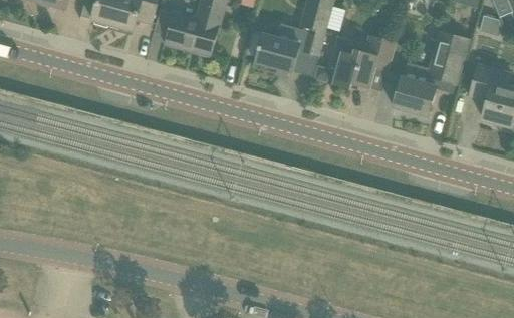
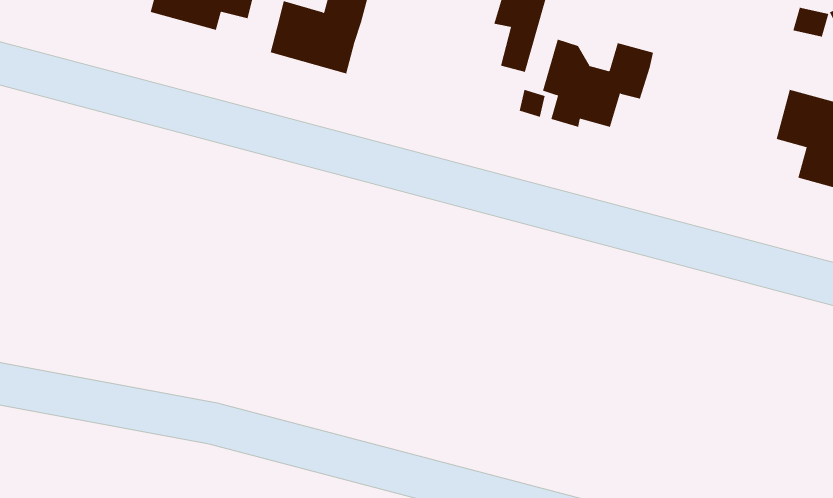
building: [254,25,308,74] -> none
building: [392,33,467,117] -> none

